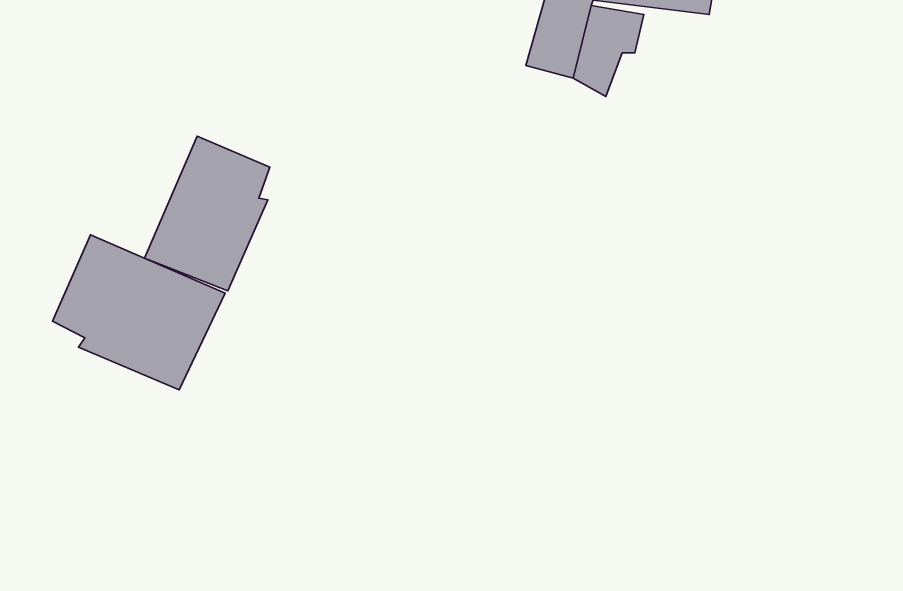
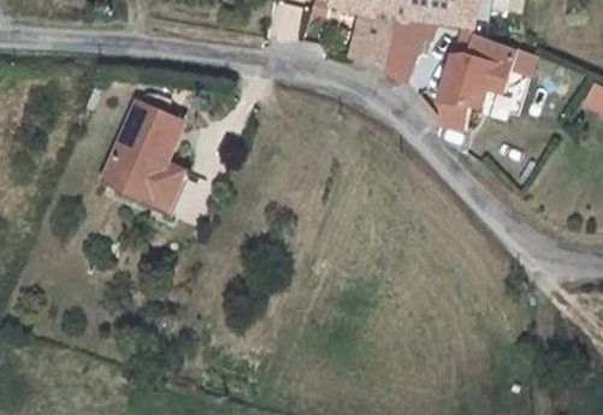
building: none -> [439,35,518,126]
building: [53,235,225,390] -> none

